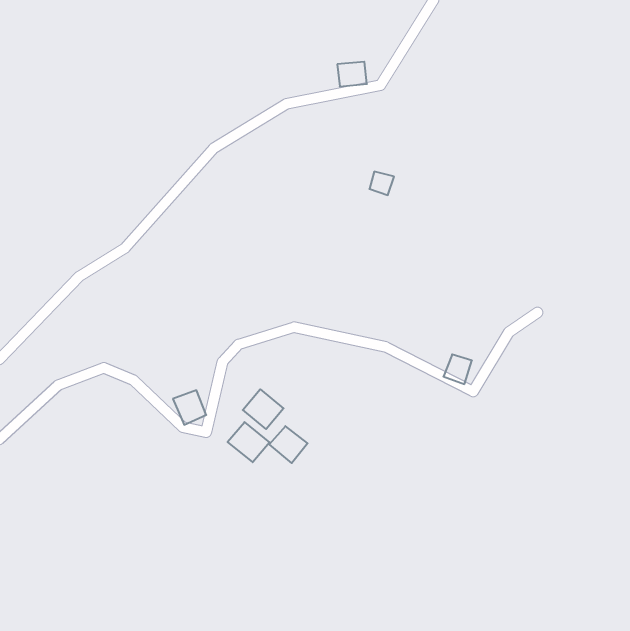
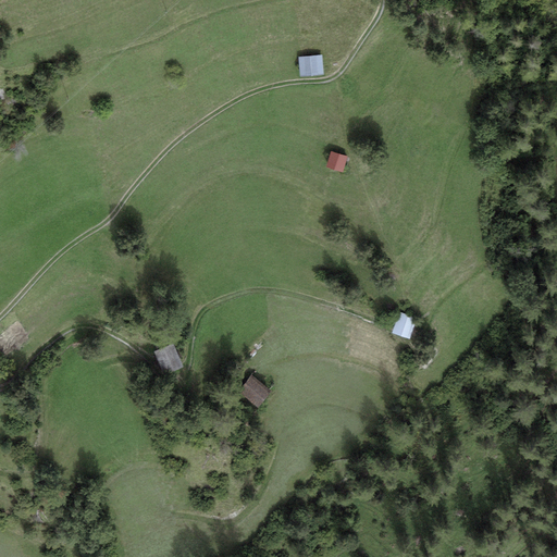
building: [243,389,284,429] -> none
building: [228,422,270,462] -> none

